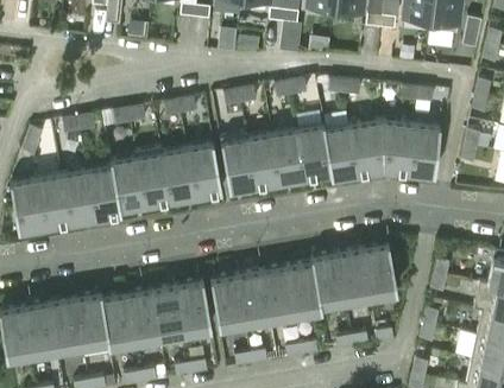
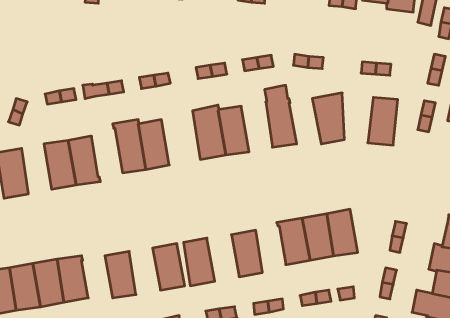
building: [323,113,358,180] -> none
building: [380,121,414,174] -> none
building: [272,131,305,184] -> none
building: [187,145,221,198] -> none
building: [109,159,145,211] -> none
building: [37,176,69,229] -> none
building: [288,263,322,313] -> none
building: [235,273,270,323] -> none
building: [152,287,185,337] -> none
building: [101,295,134,345] -> none

